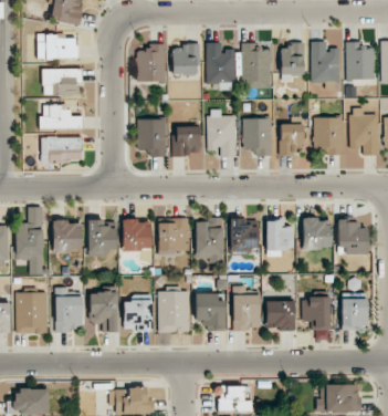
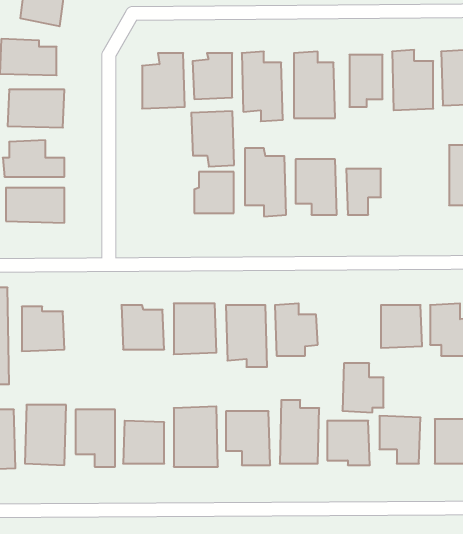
building: [314,116,345,154] -> none
building: [138,118,168,157] -> [191,111,234,167]
building: [266,217,295,251] -> [342,363,384,412]
building: [88,219,118,256] -> none

